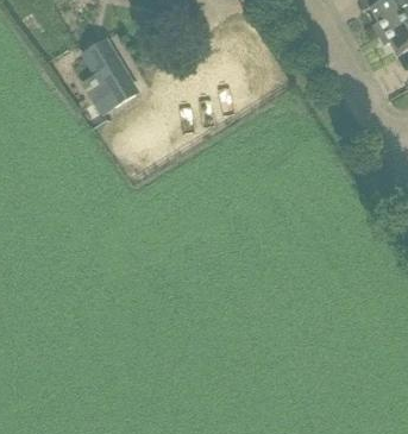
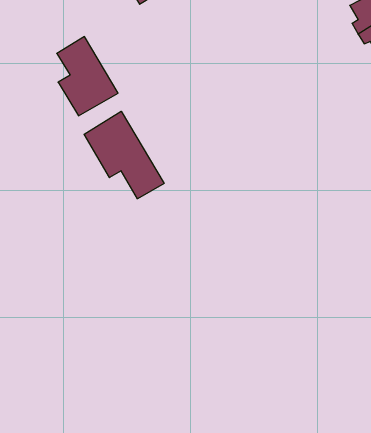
building: none -> [84,111,164,199]

